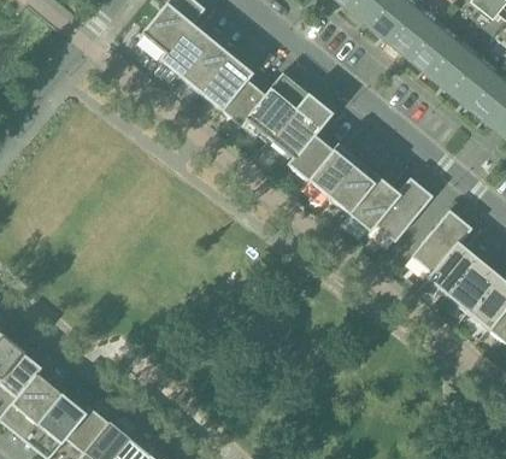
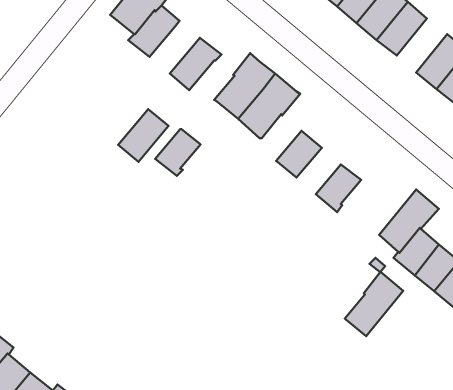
building: [431,39,482,93] -> none
building: [182,41,233,94] -> [118,109,168,162]
building: [222,81,267,128] -> [155,129,201,176]
building: [288,135,335,182] -> none
building: [330,169,375,216] -> none
building: [375,178,434,243] -> [345,272,403,336]

